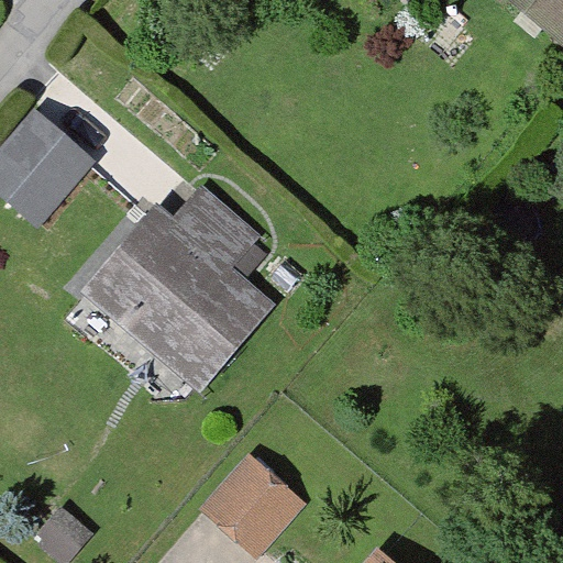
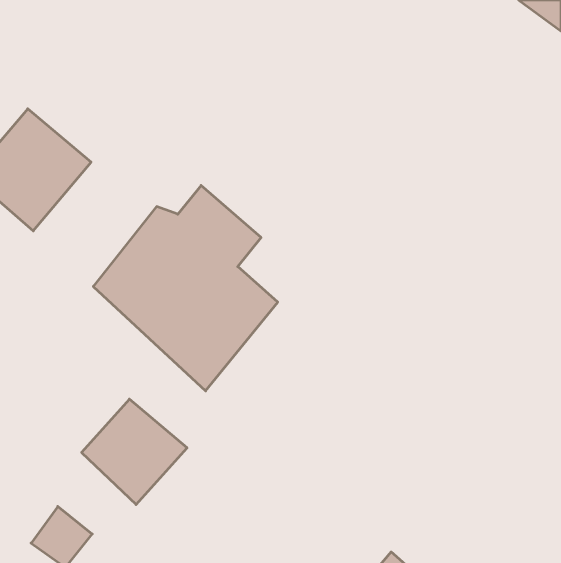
building: [199,451,303,555] -> [82,399,187,505]

